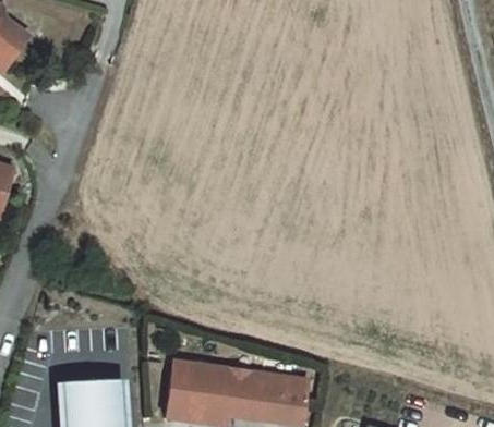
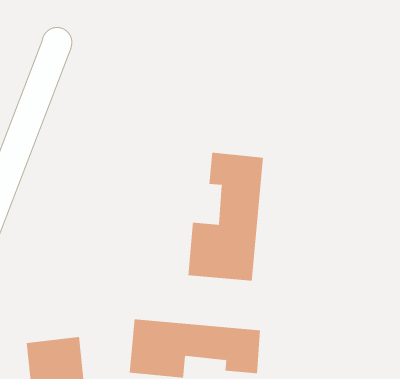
building: none -> [188,152,263,281]

